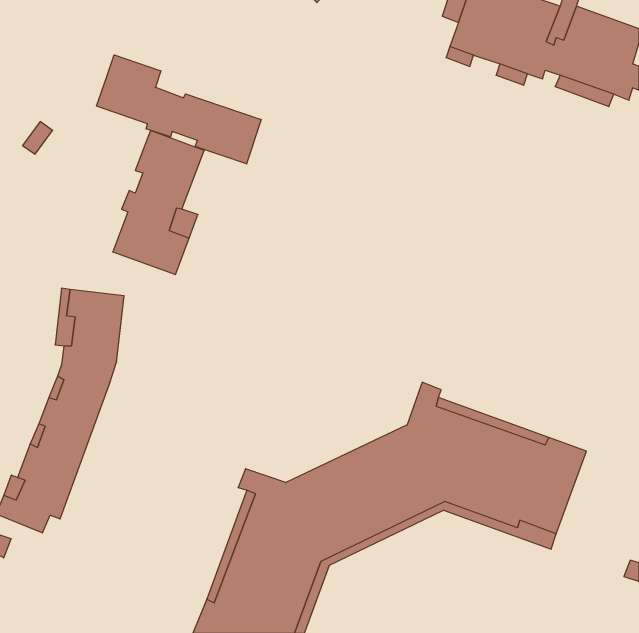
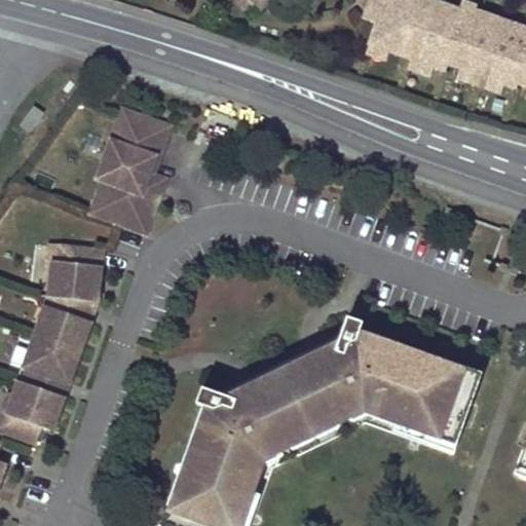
building: [96,55,261,164] -> none

